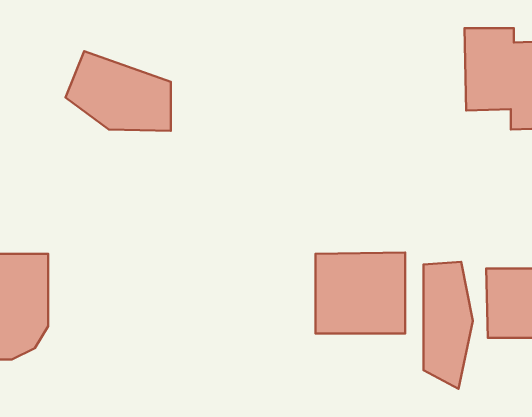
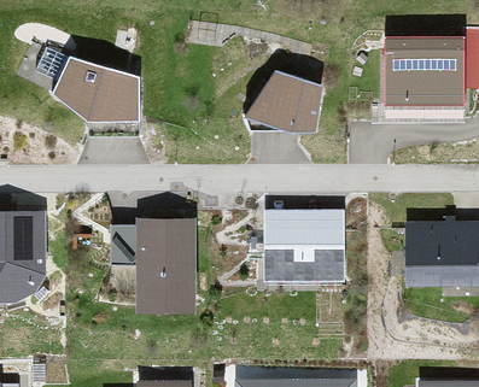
building: none -> [249,69,326,131]
building: none -> [109,219,195,310]
building: [424,262,473,389] -> none

